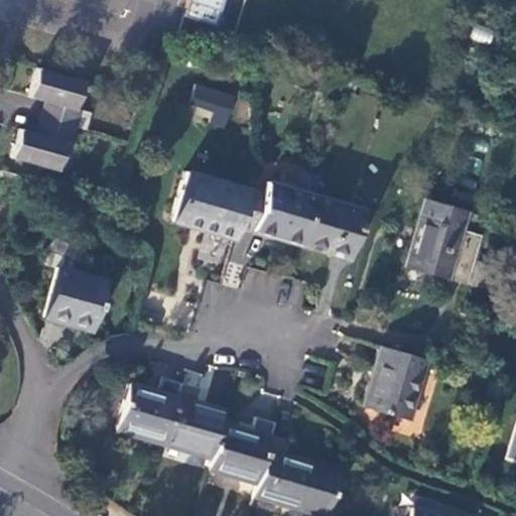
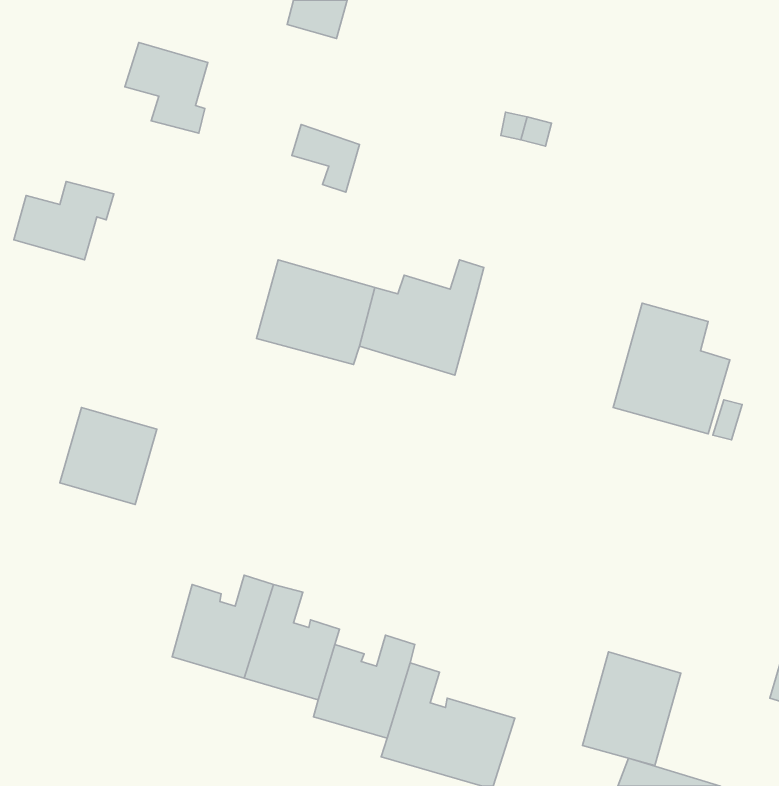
building: [30,68,85,127] -> [125,42,208,133]
building: [302,195,365,260] -> none
building: [364,346,428,420] -> [583,652,681,766]

